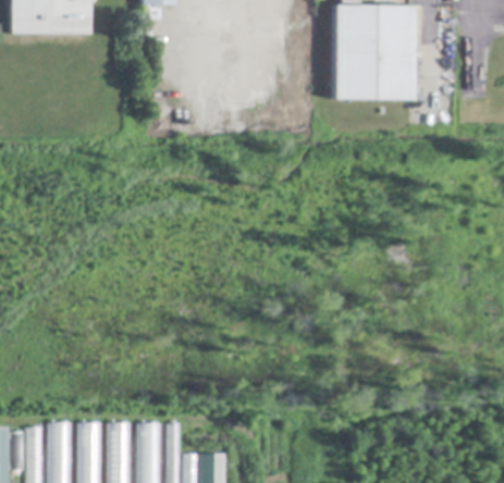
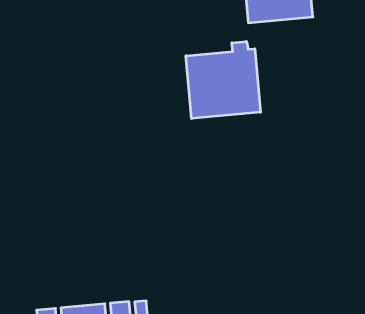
building: none -> [186,41,261,119]

